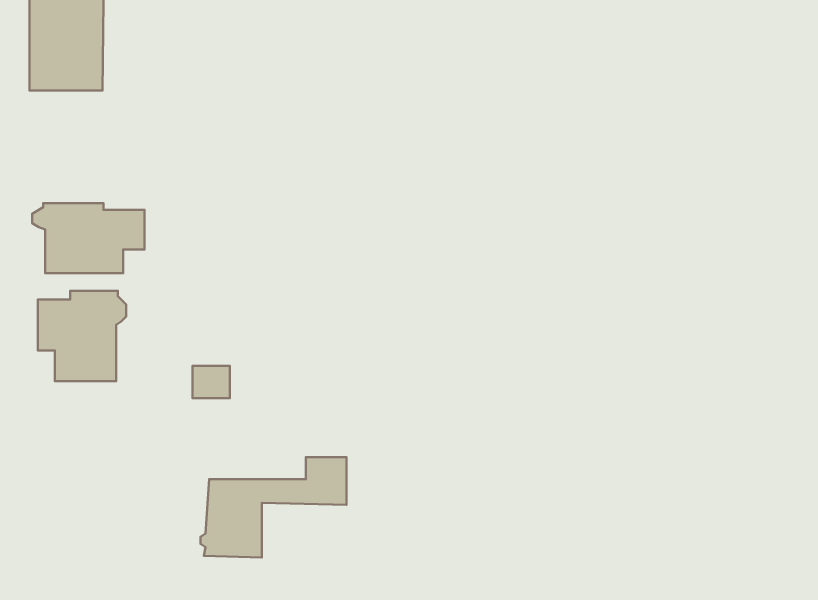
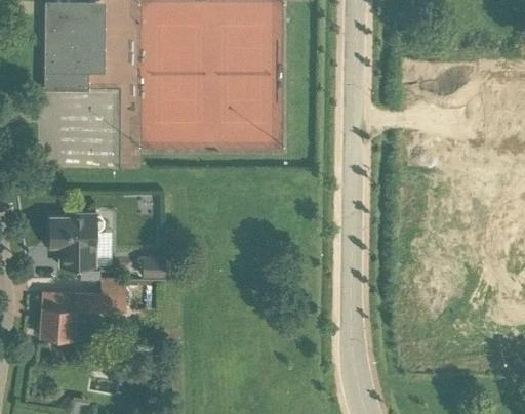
building: [32,203,145,273] -> none
building: [201,457,347,557] -> [38,279,126,339]

